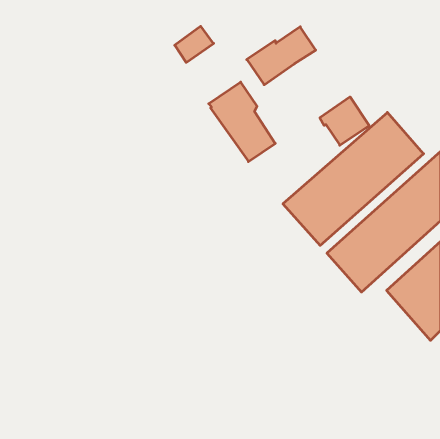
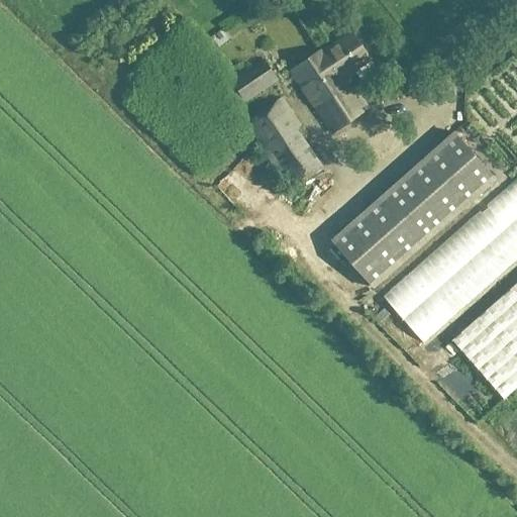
building: [175,26,214,62] -> [233,59,279,101]
building: [320,97,369,145] -> [310,75,368,131]

